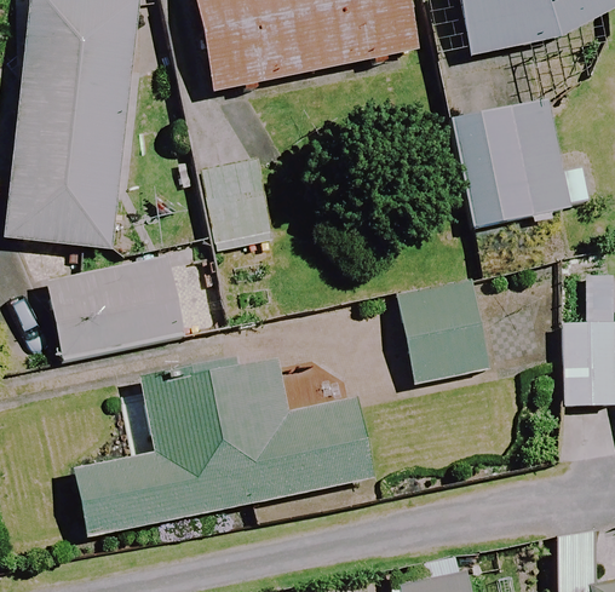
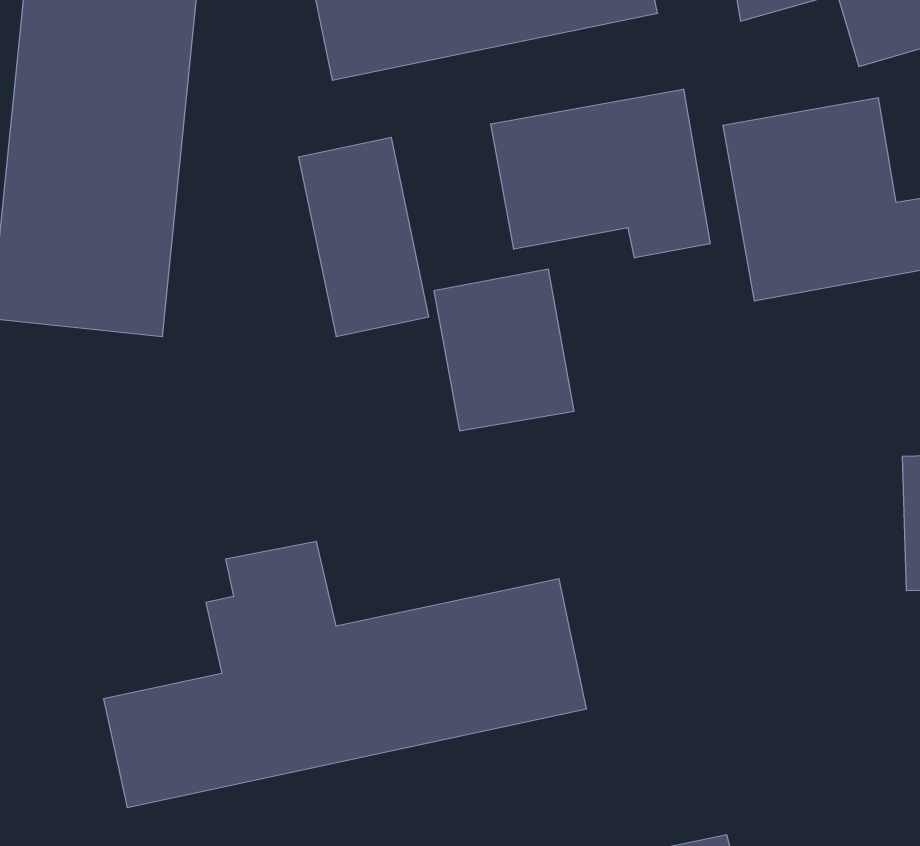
building: none -> [491,89,710,258]
building: [48,258,182,358] -> none
building: [401,283,487,383] -> [434,269,574,431]

